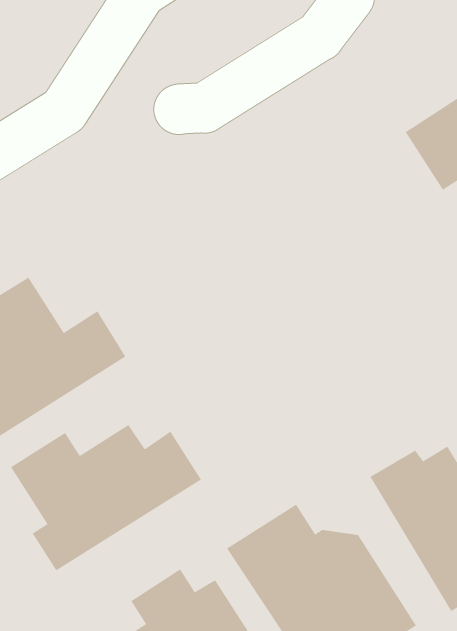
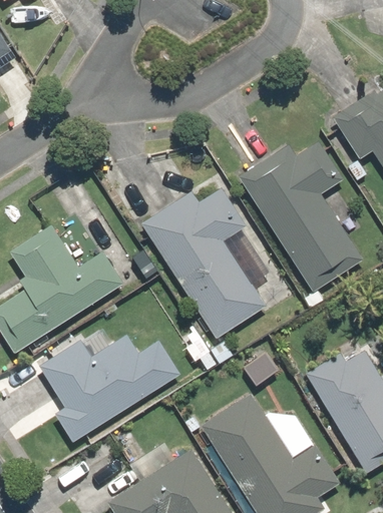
building: none -> [238,140,365,294]
building: none -> [140,186,267,341]

